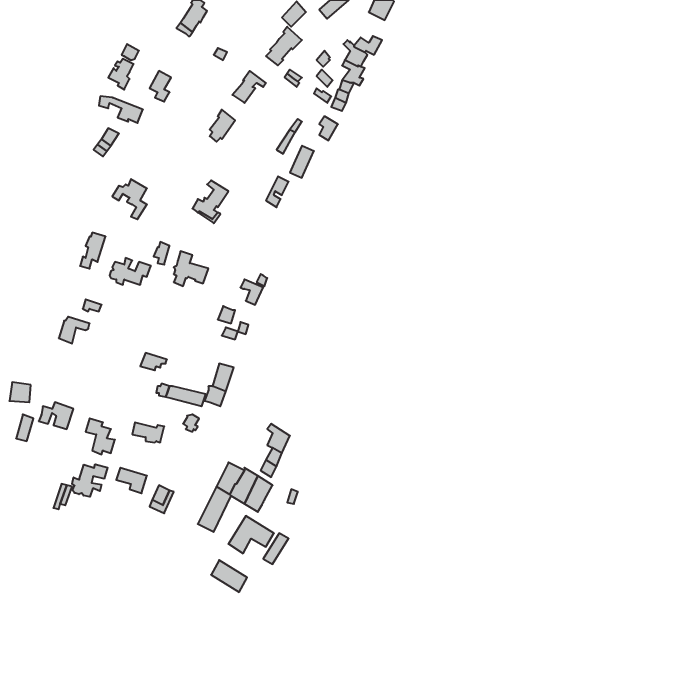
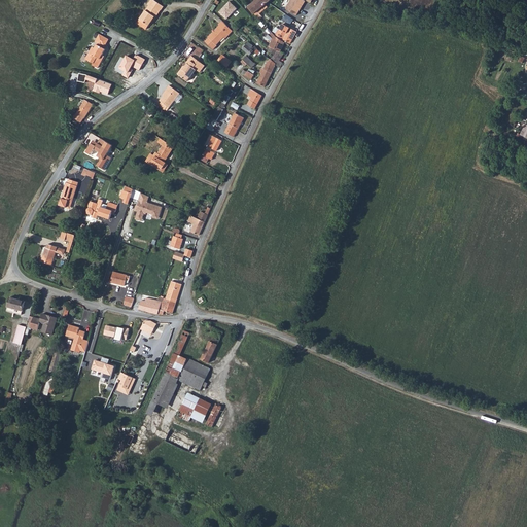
building: [72,464,108,497] -> none

